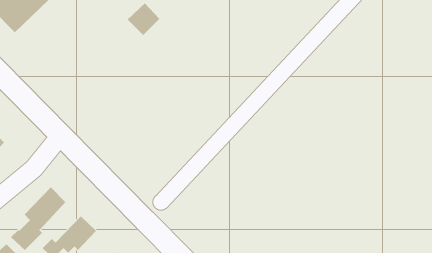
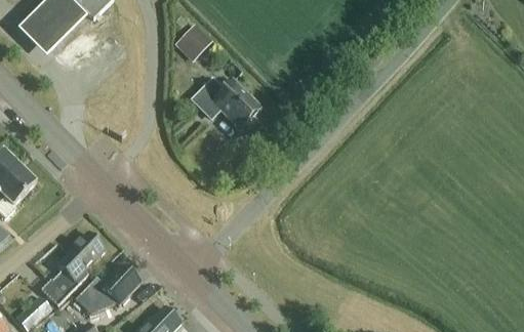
building: none -> [194,81,260,128]

